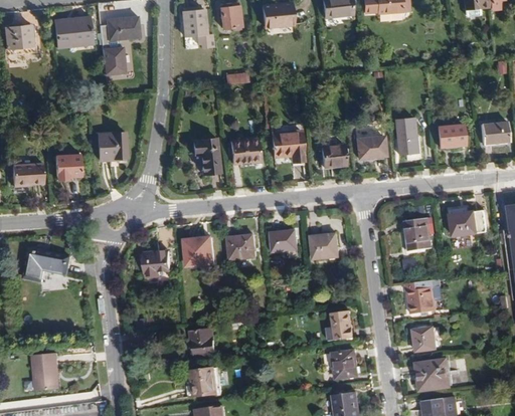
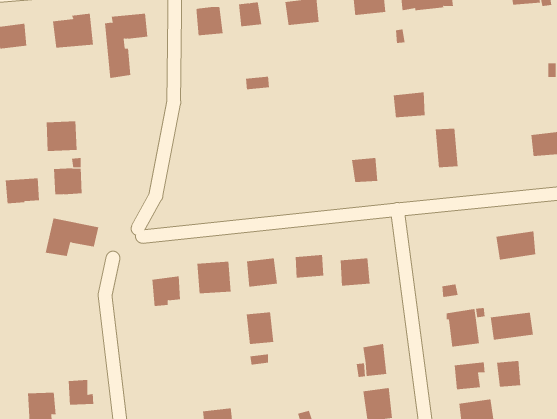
building: [438,125,464,147] -> none
building: [272,131,304,163] -> none
building: [99,133,127,160] -> [46,121,77,151]
building: [356,136,385,159] -> [393,92,426,118]
building: [193,139,221,174] -> none
building: [230,139,260,164] -> none
building: [404,218,432,250] -> none
building: [22,248,70,282] -> [45,218,99,256]
building: none -> [490,312,533,340]
building: none -> [496,360,521,388]
building: [189,329,214,358] -> [246,312,274,345]
building: none -> [68,379,94,405]

